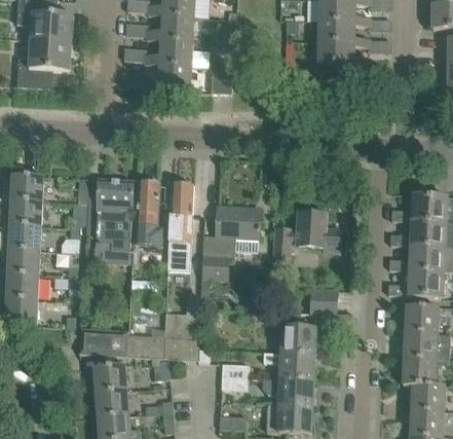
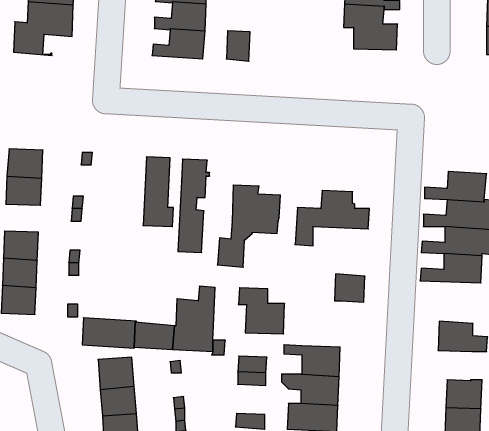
building: [96,179,134,248] -> none
building: [8,224,41,250] -> none
building: [405,304,438,333] -> none
building: [273,313,315,355] -> [238,288,285,334]
building: [403,358,435,386] -> none

